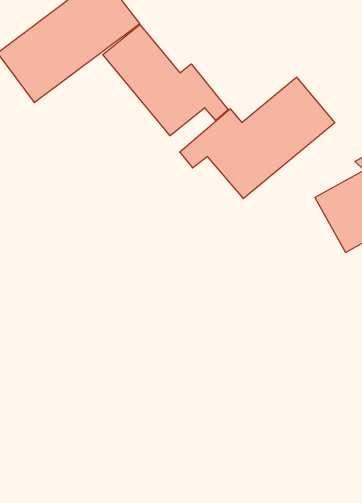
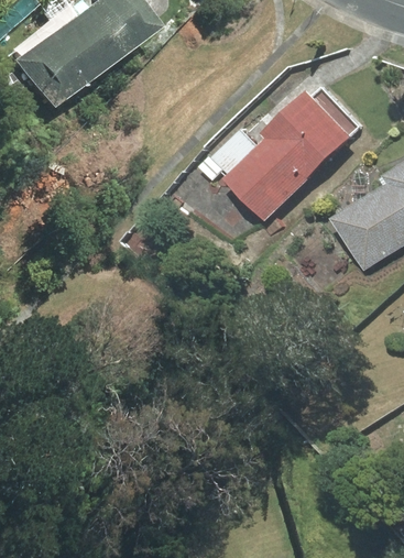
building: [103,24,228,136] -> none

